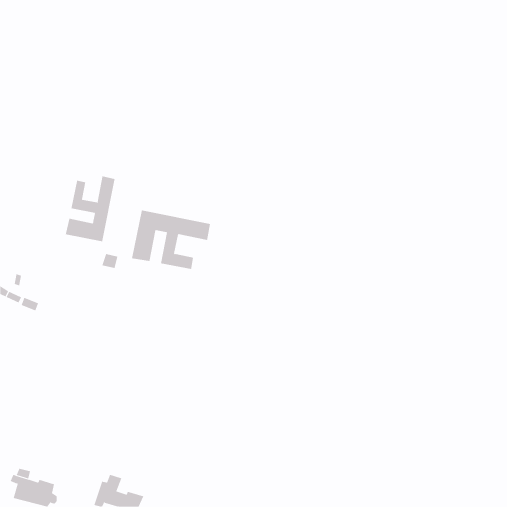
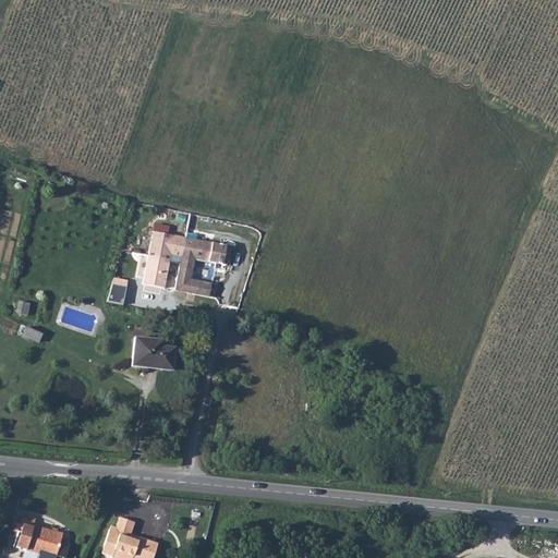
building: [65,176,115,242] -> none
building: none -> [131,337,174,369]

